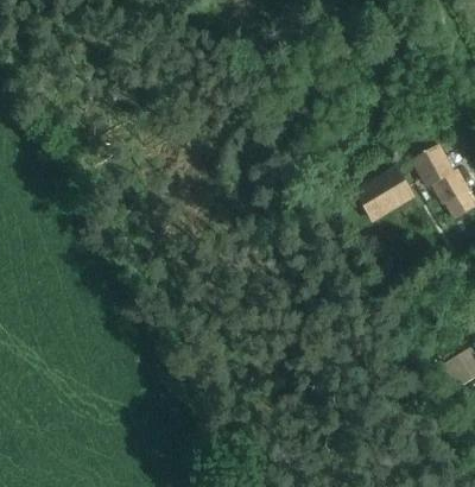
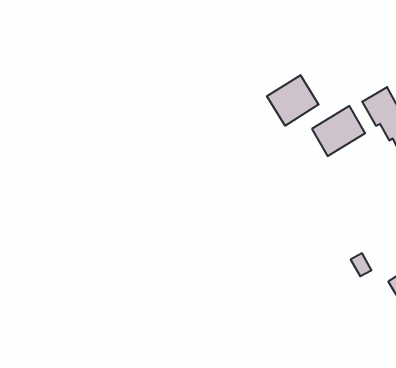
building: none -> [267,75,319,126]

